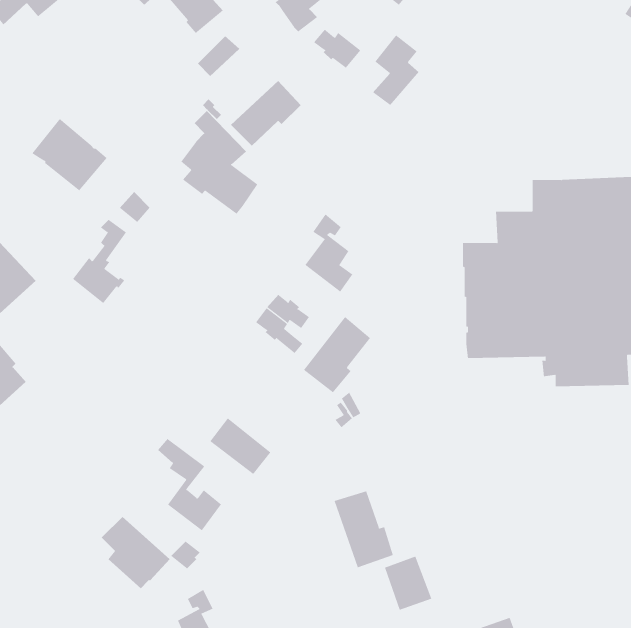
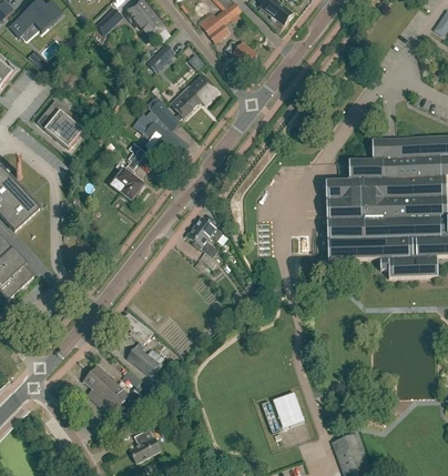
building: [372,35,420,106] -> none
building: [305,214,353,293] -> none
building: [72,219,127,304] -> [110,142,146,199]
building: [303,316,371,393] -> none
building: [210,418,271,475] -> none
building: [334,491,393,568] -> none

